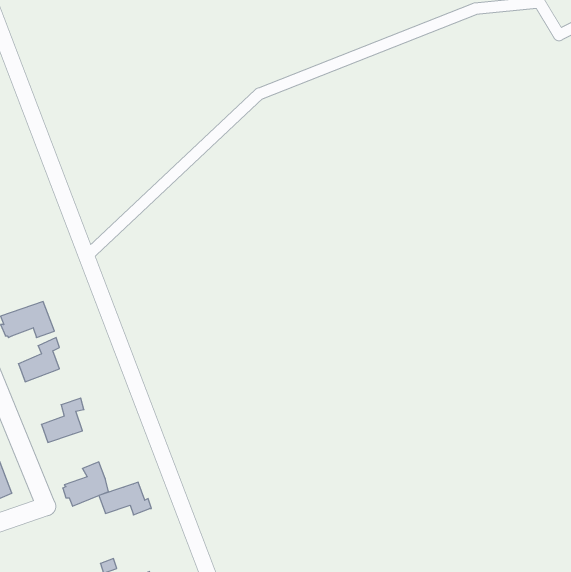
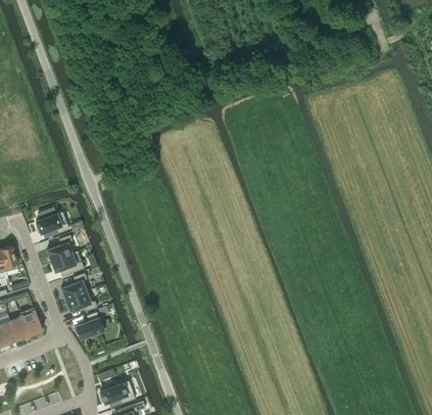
building: none -> [50,253,84,277]
building: [99,482,151,515] -> [64,291,97,312]

